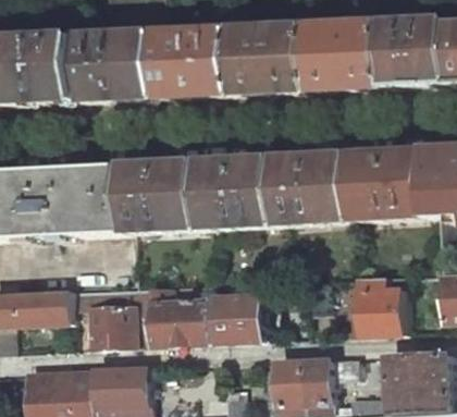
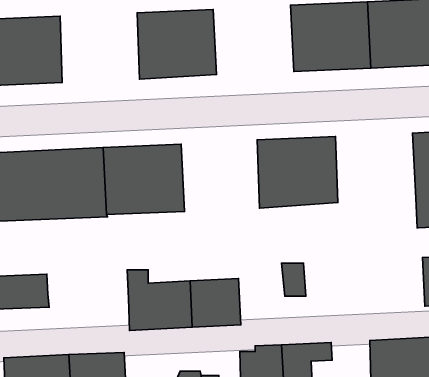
building: [236,24,316,93] -> none
building: [85,32,163,100] -> none
building: [357,150,436,219] -> none
building: [205,157,282,228] -> none
building: [350,274,407,335] -> none
building: [72,285,153,347] -> none

